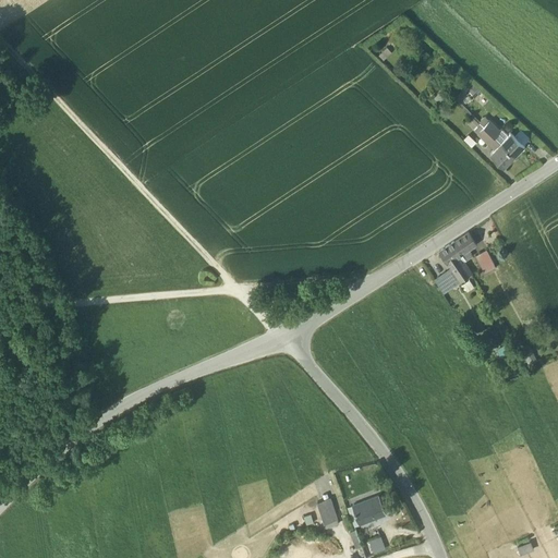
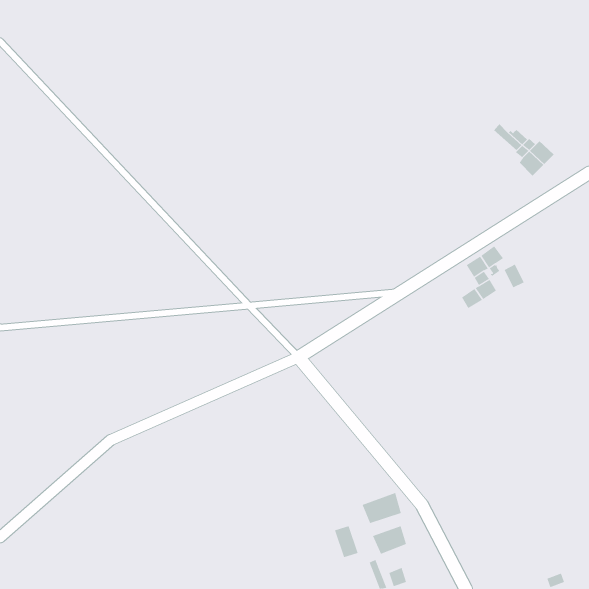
building: none -> [362,492,401,524]

